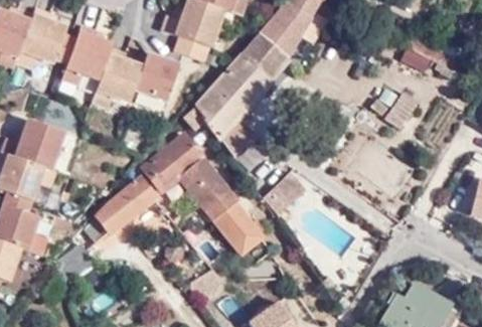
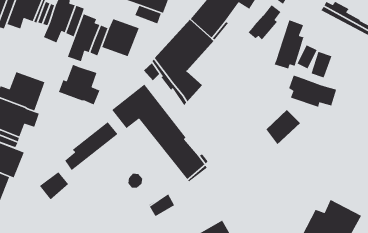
building: none -> [248,4,281,40]
building: none -> [274,19,305,69]
building: none -> [58,64,101,106]
building: none -> [288,75,337,108]
building: [265,172,308,216] -> [266,109,301,145]

